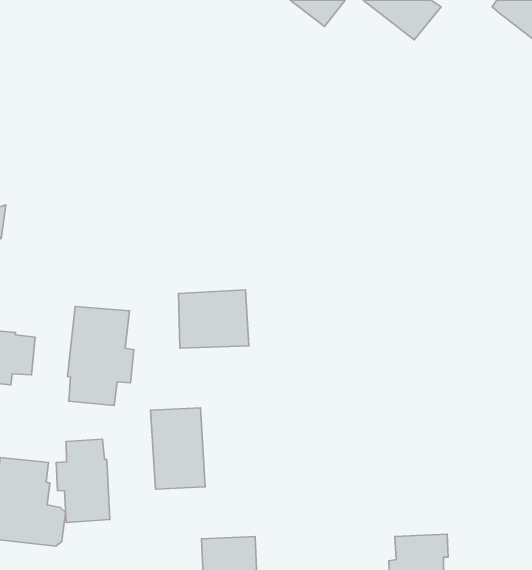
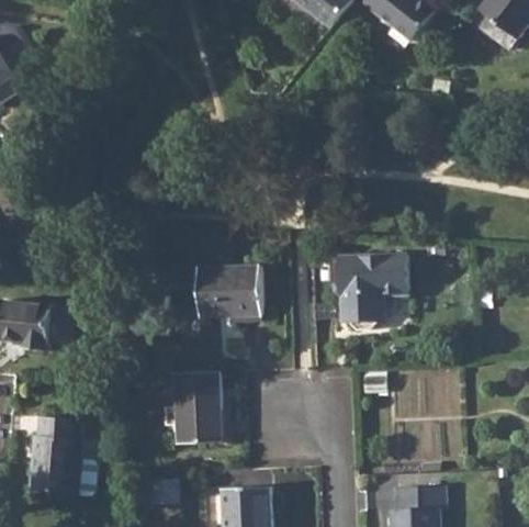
building: none -> [339,255,406,329]
building: [68,306,134,405] -> none
building: [56,439,110,523] -> none

